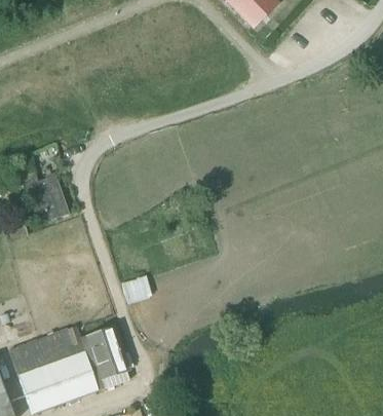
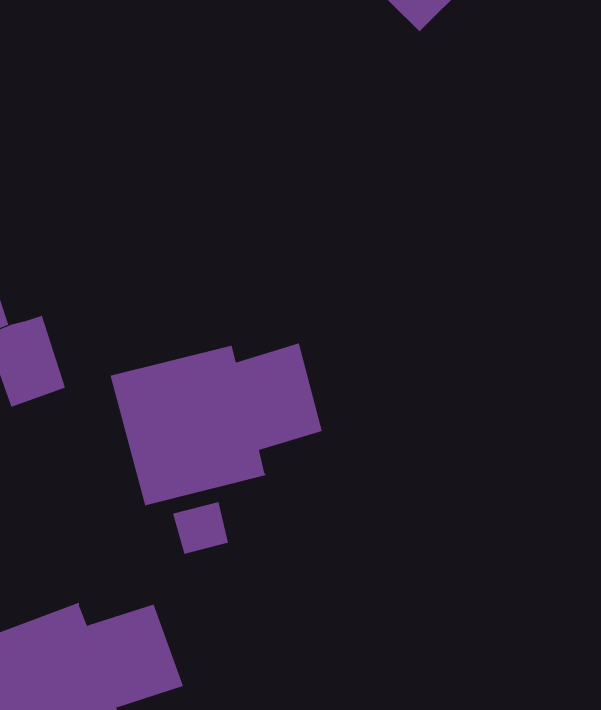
building: none -> [110,343,323,506]

